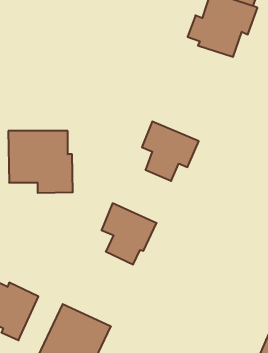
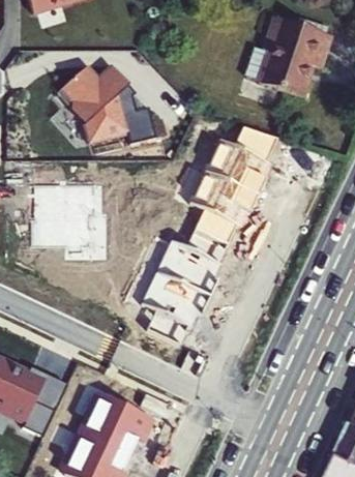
building: none -> [60,63,158,153]
building: none -> [203,125,275,196]
building: none -> [155,230,226,294]

